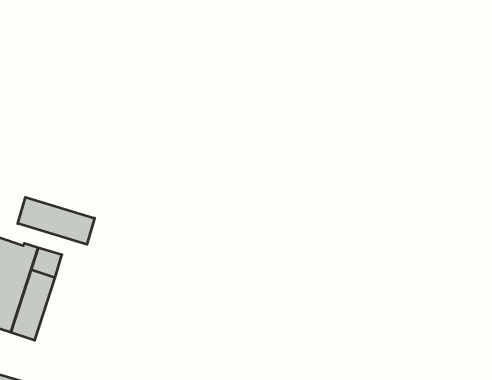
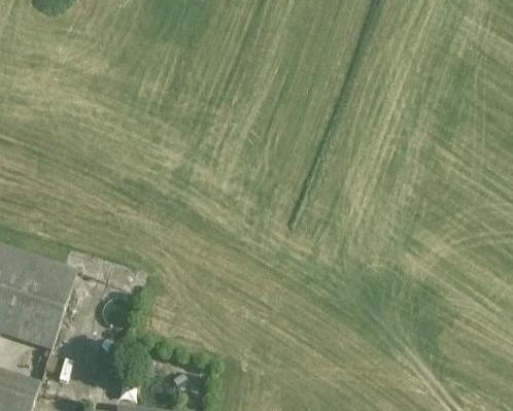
building: [18,197,95,244] -> none

